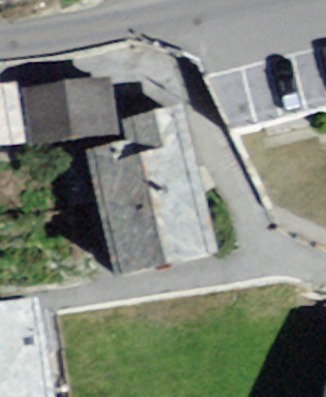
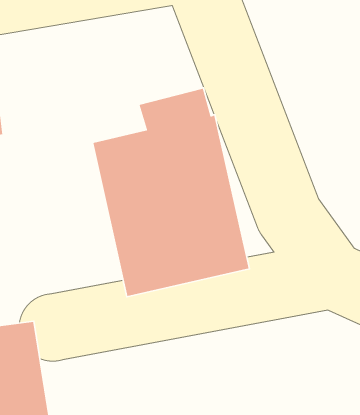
building: [21,77,110,146] -> none

